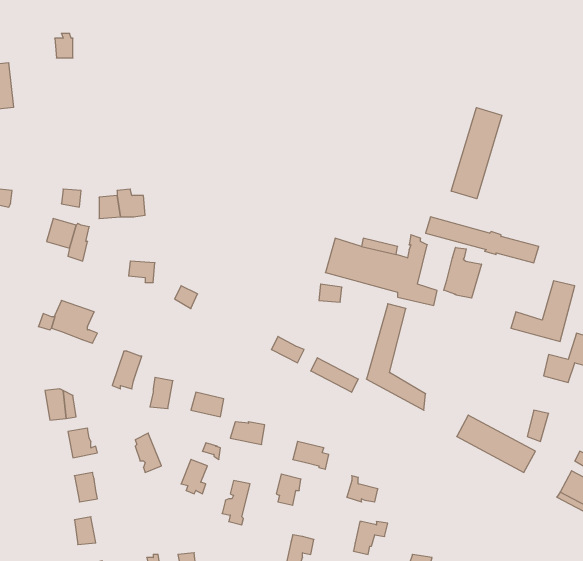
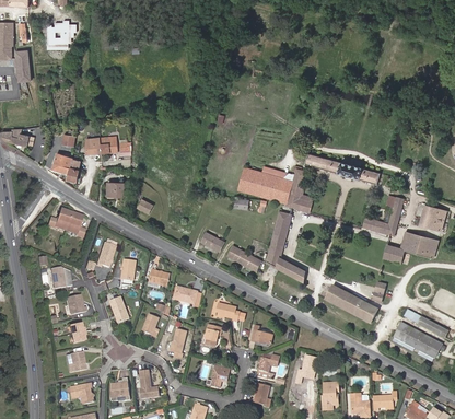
building: [451,108,502,199] -> none
building: [444,247,481,298] -> none

